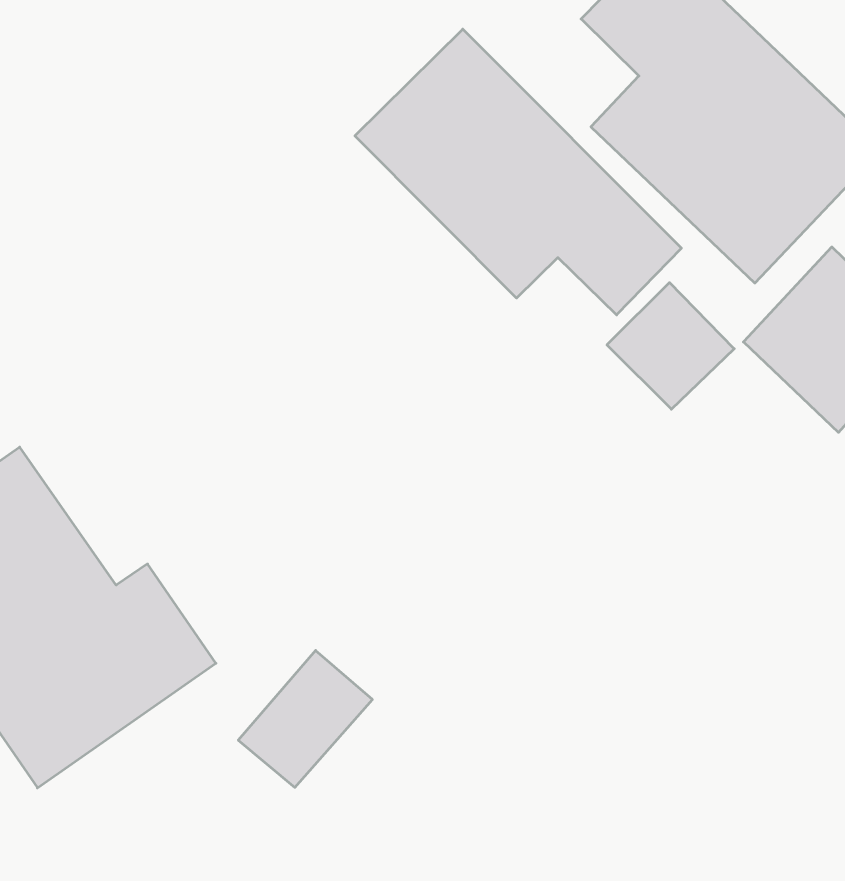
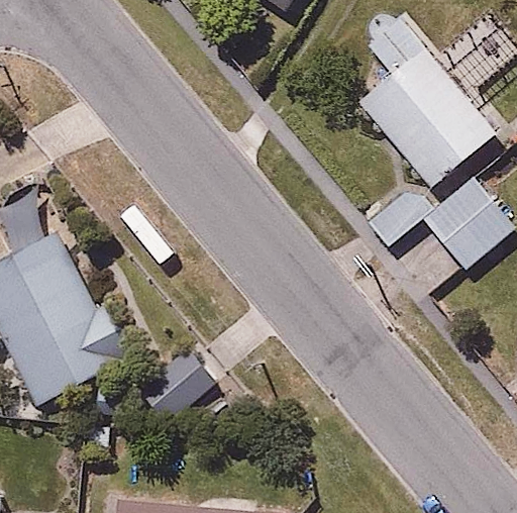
building: [355,29,681,315] -> none

